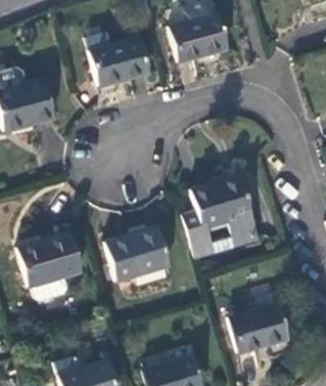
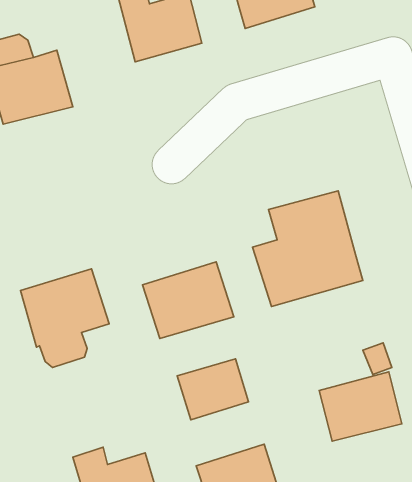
building: none -> [177,359,249,420]

